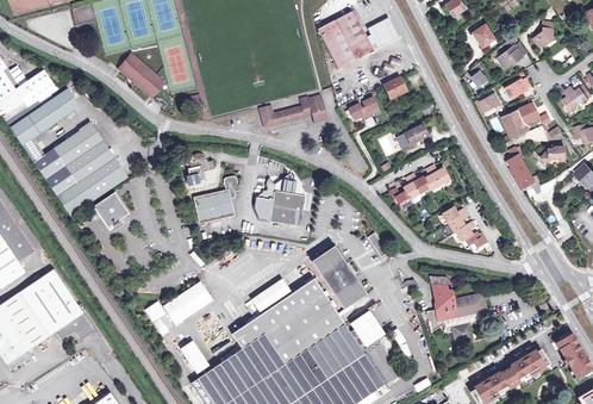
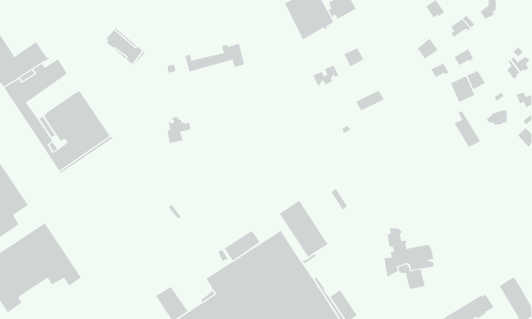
building: [260,95,326,128] -> [184,43,245,72]
building: [389,164,449,209] -> none
building: [258,174,307,225] -> none
building: [195,175,241,223] -> none
building: [94,192,129,229] -> none
building: [442,206,483,247] -> none
building: [163,281,213,325] -> none
building: [350,311,385,347] -> none

